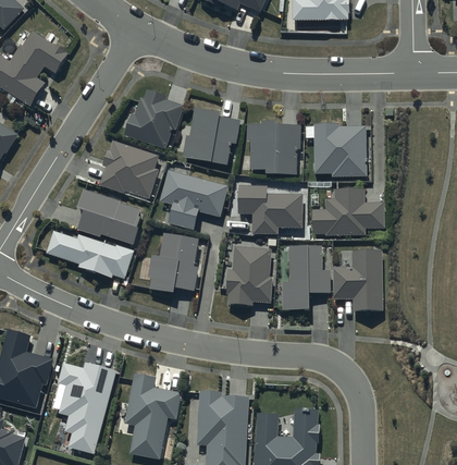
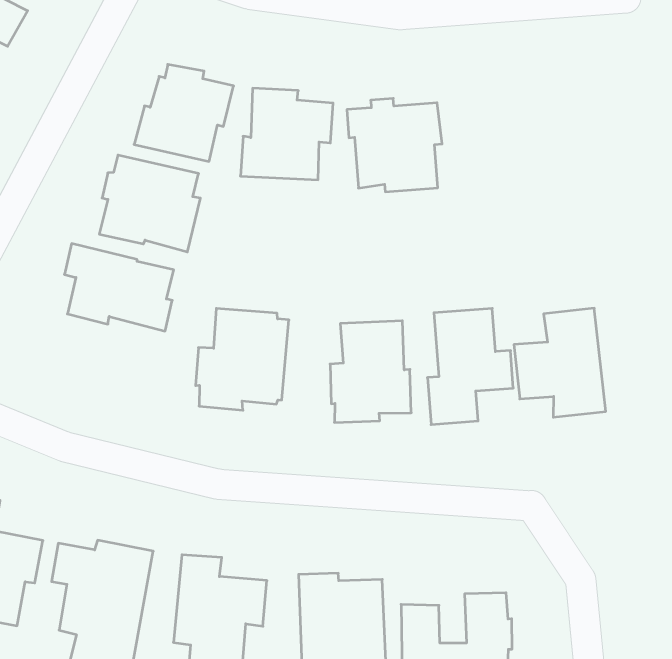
building: [313,123,365,176] -> none
building: [159,170,227,229] -> none
building: [237,185,301,234] -> none
building: [312,188,384,235] -> none
building: [46,230,134,279] -> none

